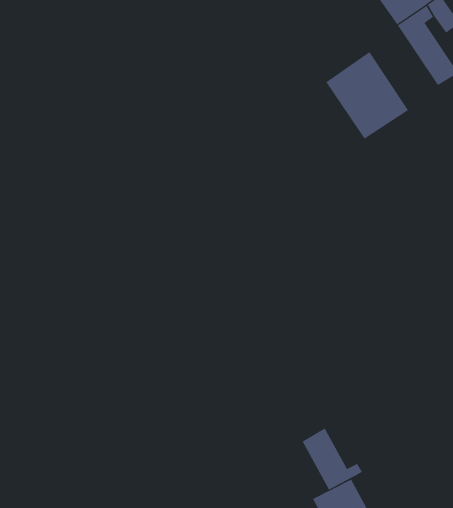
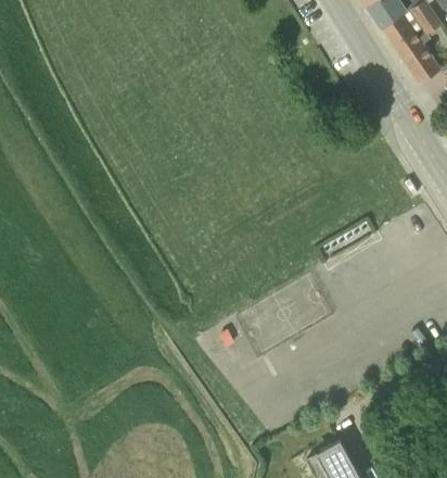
building: [325,51,409,139] -> none
building: [302,427,363,490] -> none

